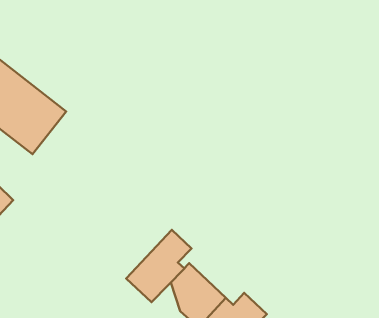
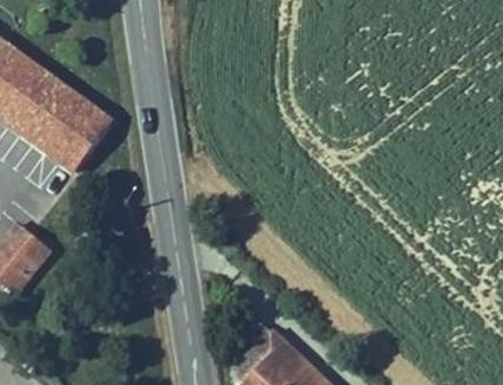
building: [126,230,191,302] -> none

